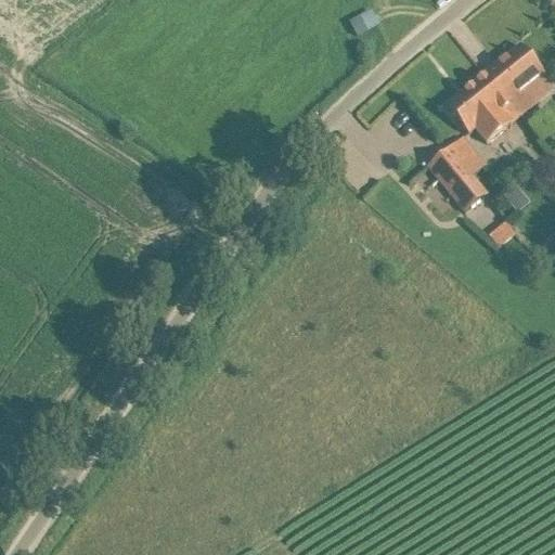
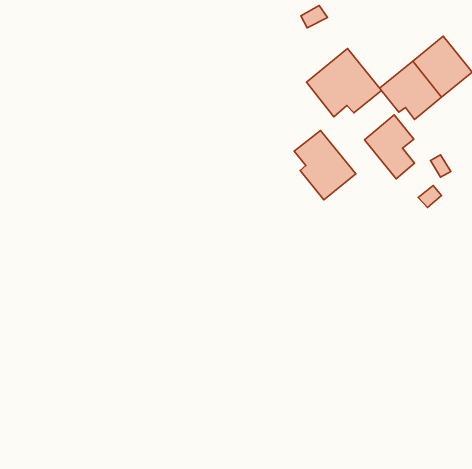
building: none -> [306,48,381,117]
building: none -> [294,130,356,200]

